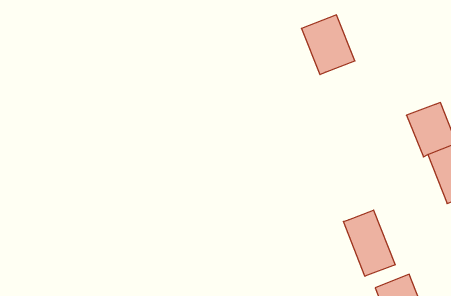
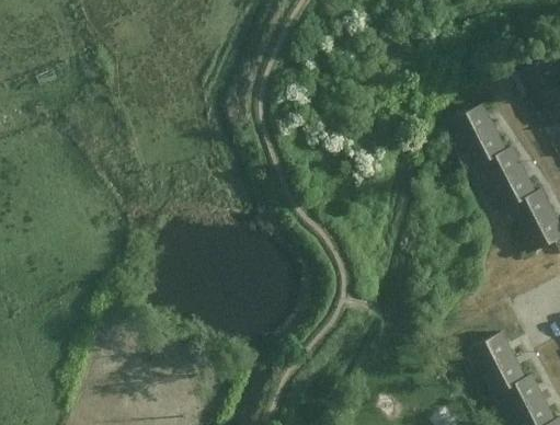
building: [301,15,355,75] -> [456,104,516,169]
building: [343,210,395,276] -> none

